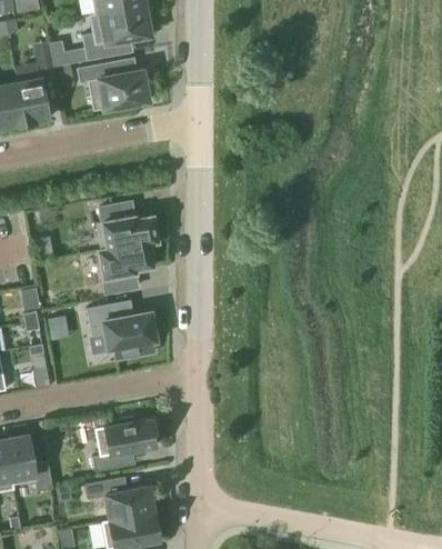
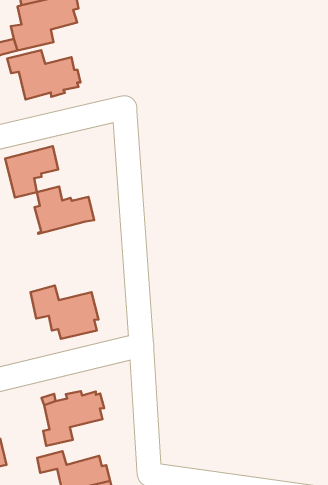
building: [98,241,152,292] -> [5,146,58,198]

